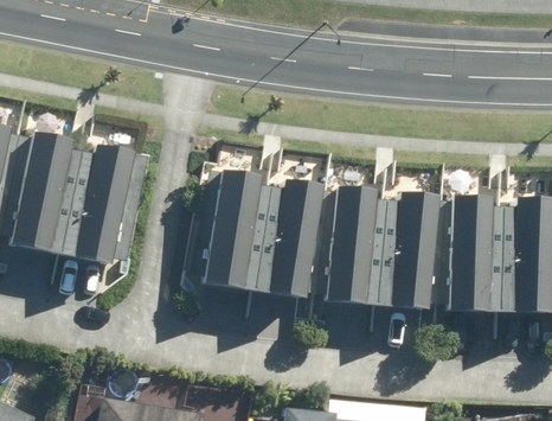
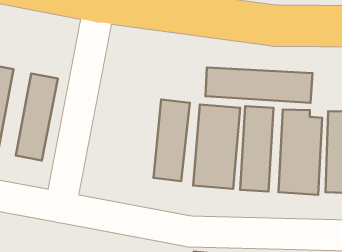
building: none -> [205,67,312,103]
building: [205,172,275,292] -> none

